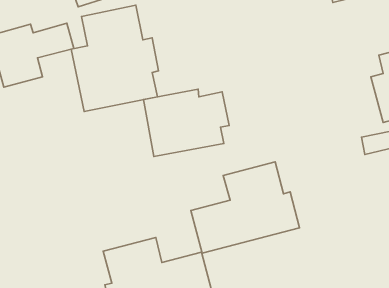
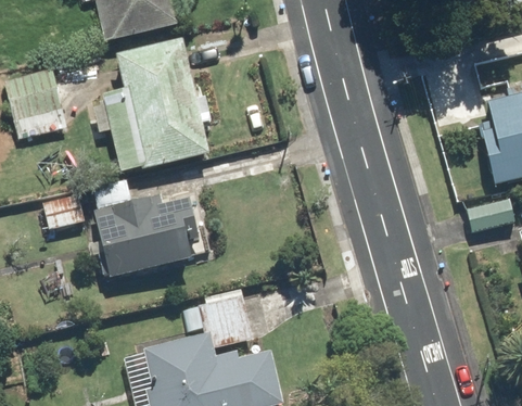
building: [144,89,229,156] -> [93,192,201,277]
building: [191,162,300,253] -> none

